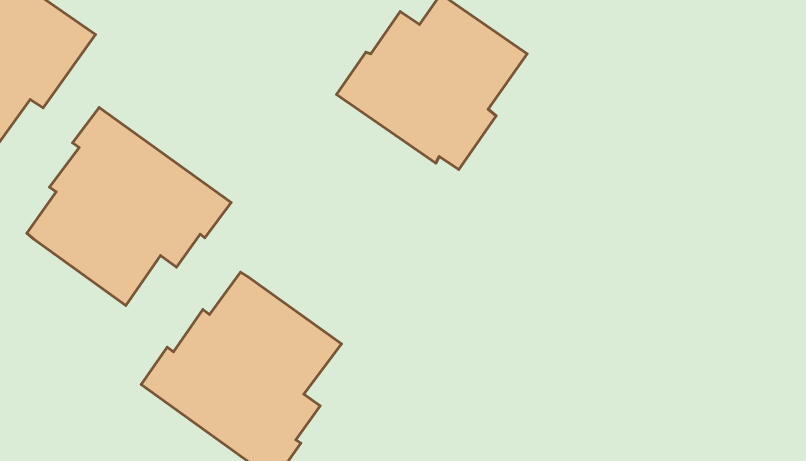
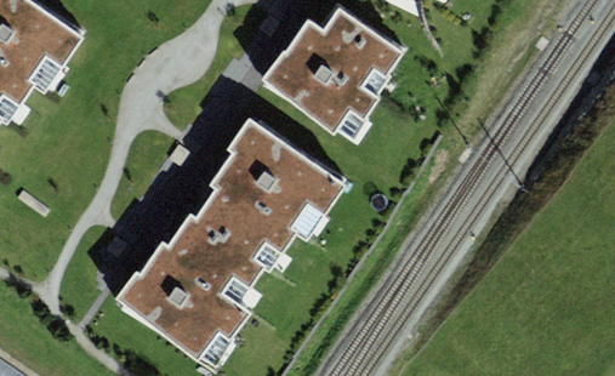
building: [27,107,231,305] -> none
building: none -> [194,115,342,268]

